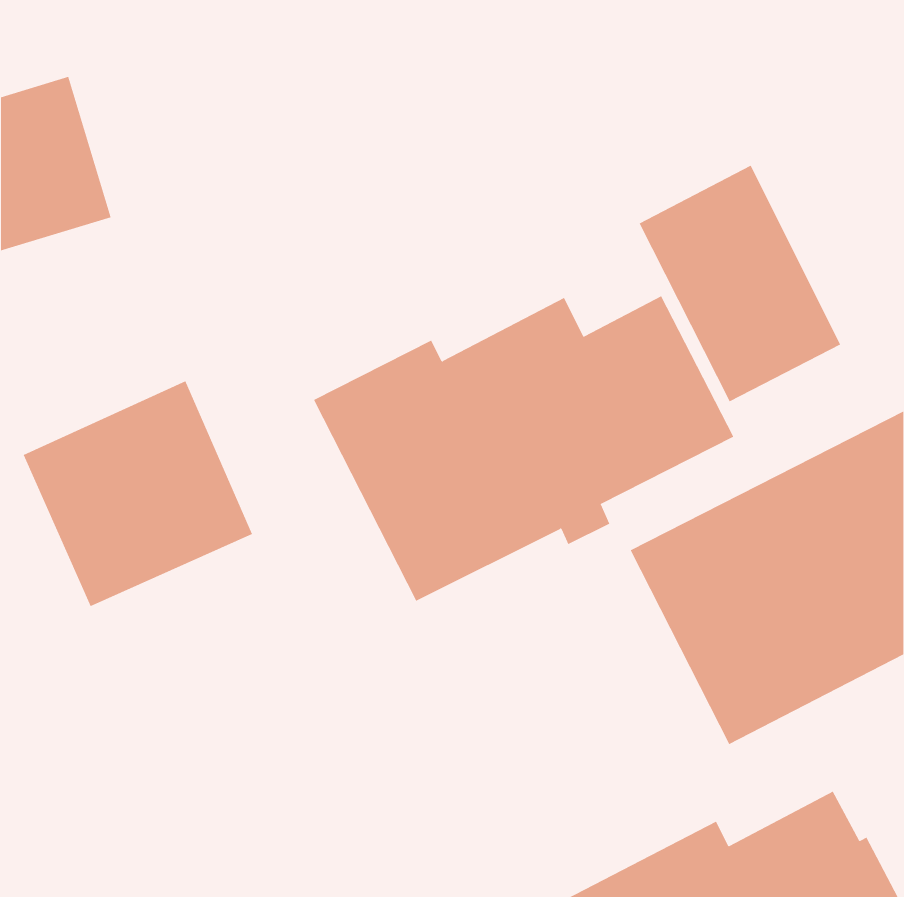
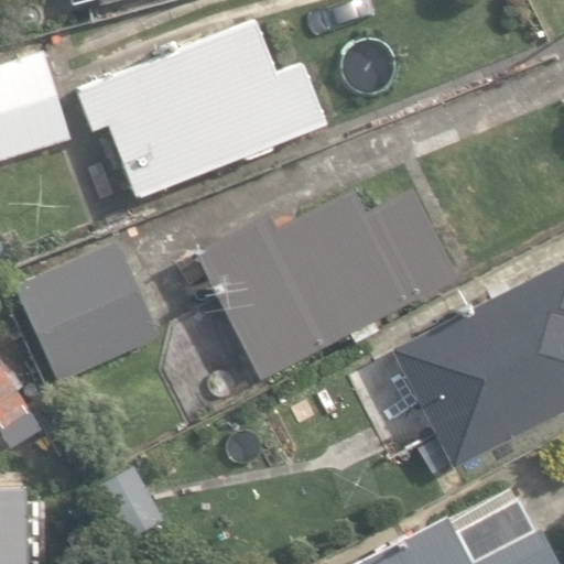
building: none -> [76,22,324,198]
building: [639,165,841,402] -> none

